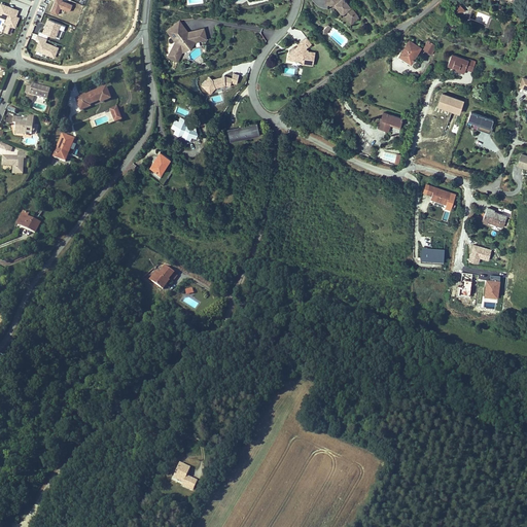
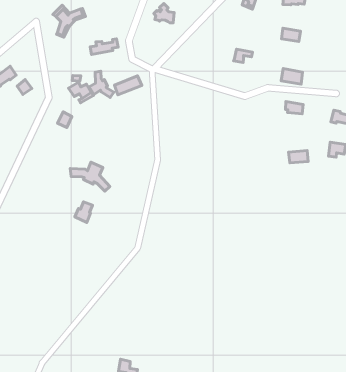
building: none -> [89,71,114,98]
building: [466,113,494,136] -> [281,69,302,84]
building: none -> [70,162,110,191]

